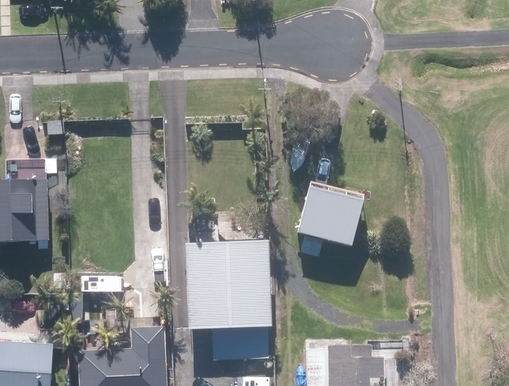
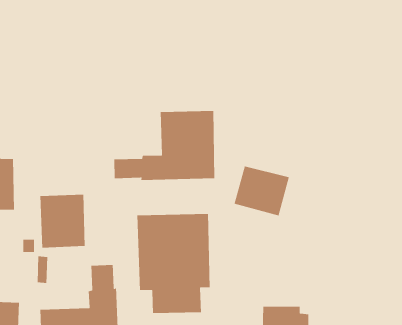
building: none -> [113,110,215,181]
building: none -> [39,194,85,248]

